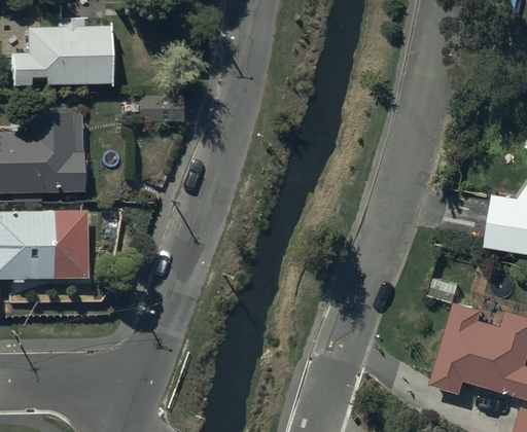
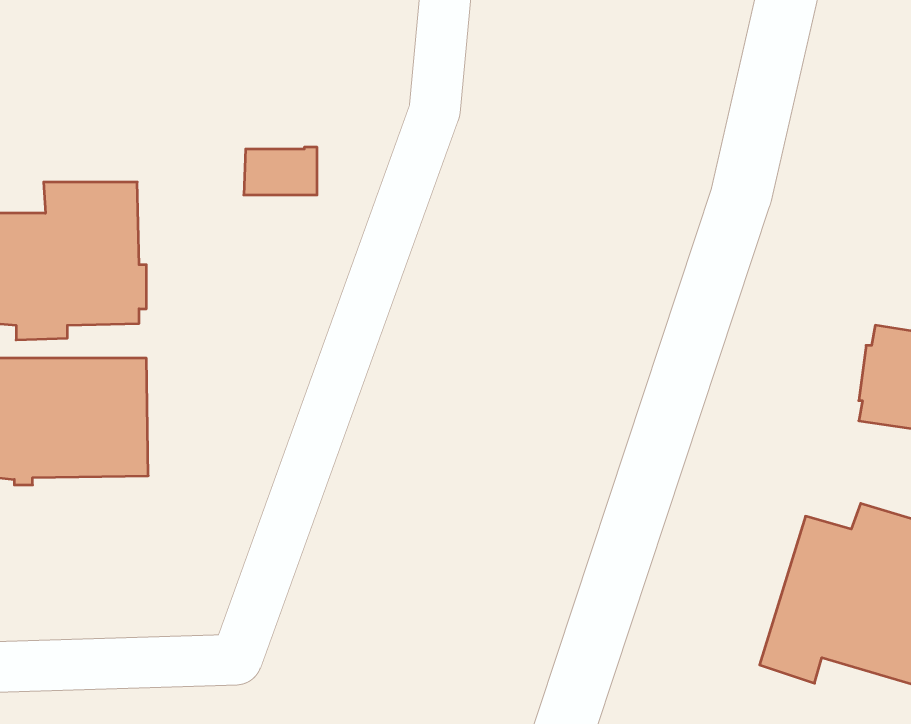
building: [11,19,109,84] -> none

